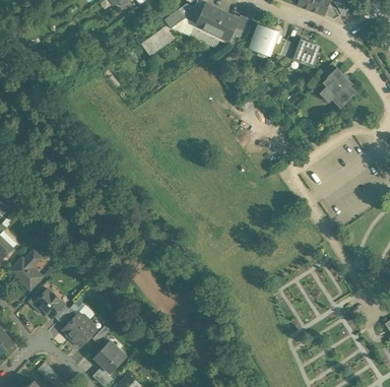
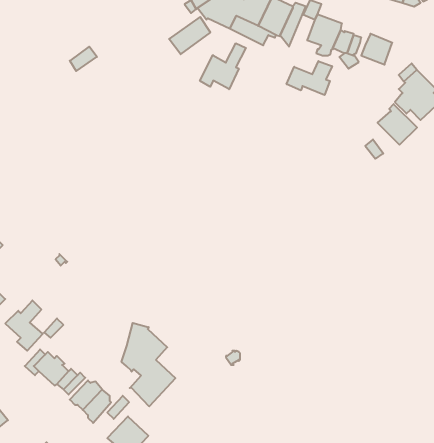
building: none -> [200,43,246,89]
building: none -> [287,61,332,95]
building: none -> [378,104,417,145]
building: none -> [122,323,175,406]

